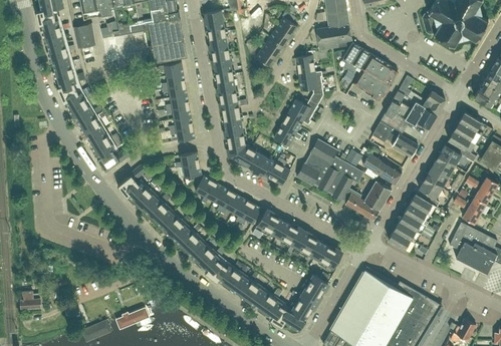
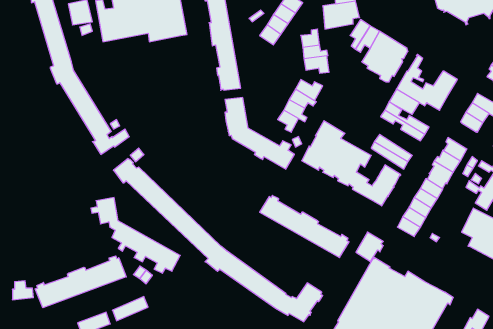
building: [159,62,196,140] -> none
building: [437,140,464,165] -> none
building: [176,152,261,225] -> [91,198,180,273]
building: none -> [35,256,126,308]
building: [302,274,328,302] -> [356,232,383,262]

